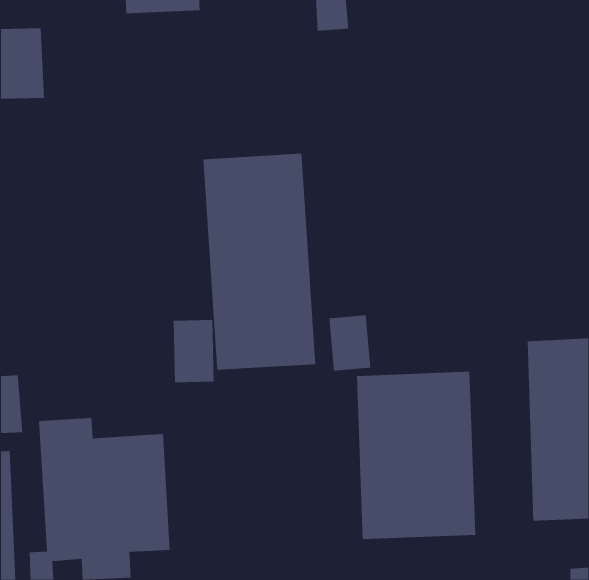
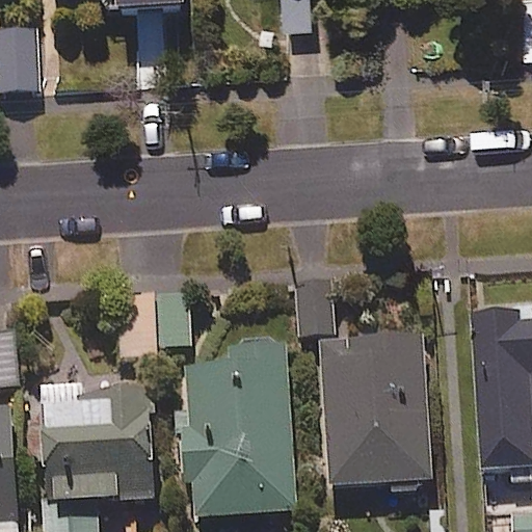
building: [203,153,316,371] -> none
building: none -> [178,343,295,518]

